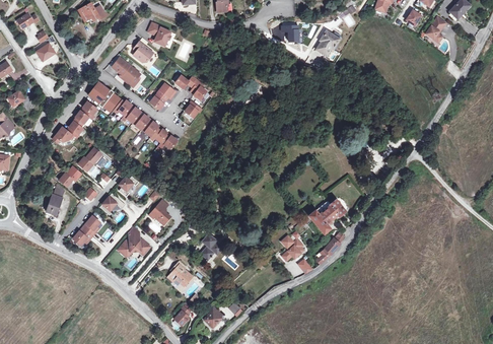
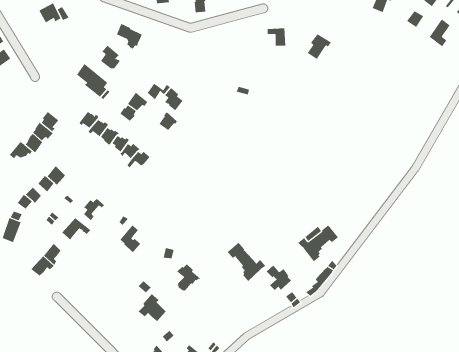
building: [89,82,120,112] -> none
building: none -> [227,242,266,282]
building: [119,227,149,257] -> none

